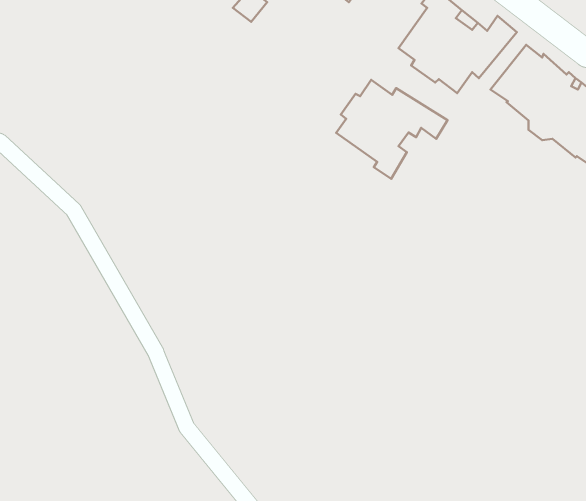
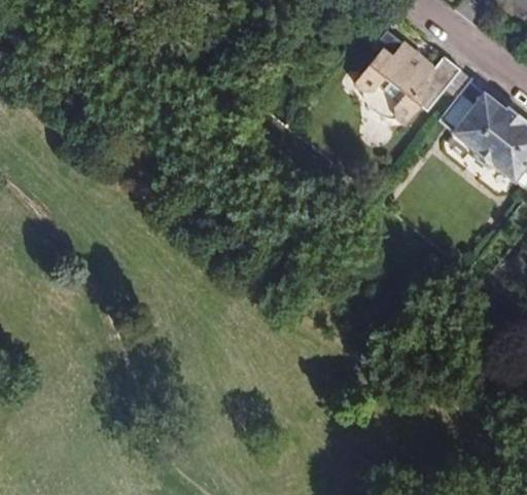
building: [336,80,447,179] -> none

